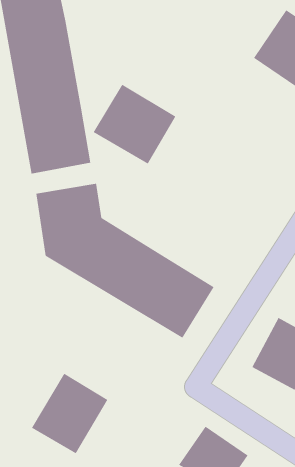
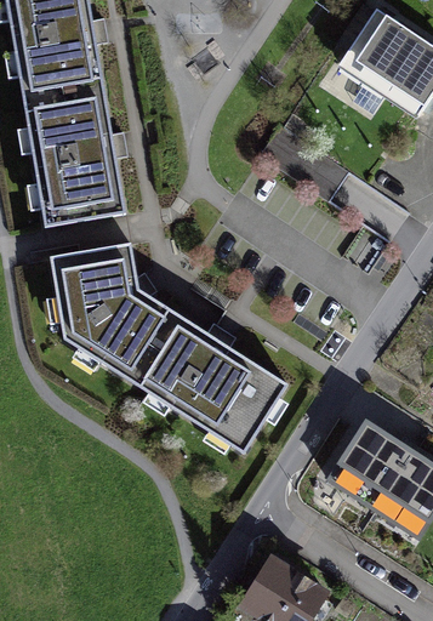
building: [93,84,176,165] -> none
building: [31,373,108,454] -> none

